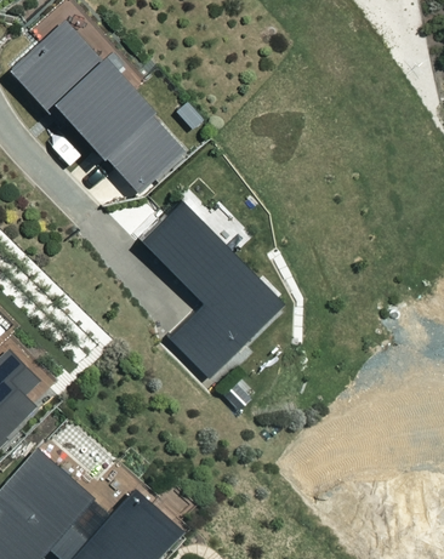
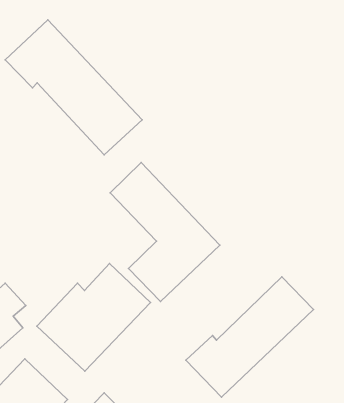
building: none -> [37,263,150,371]
building: none -> [186,277,314,397]

